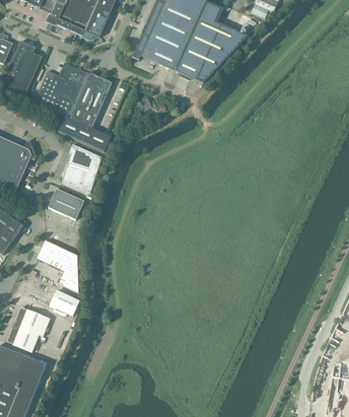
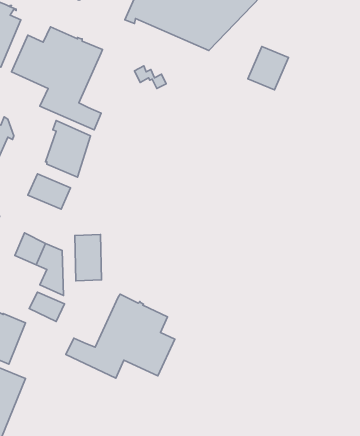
building: none -> [248,46,288,90]
building: none -> [75,235,102,281]
building: none -> [66,294,175,378]

